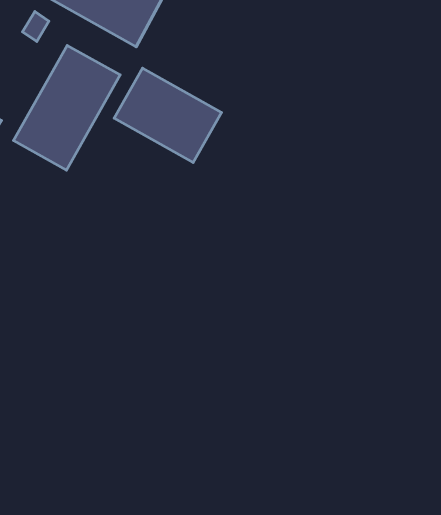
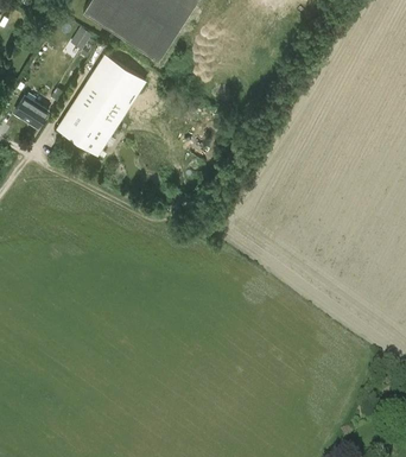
building: [114,68,221,162] -> none

